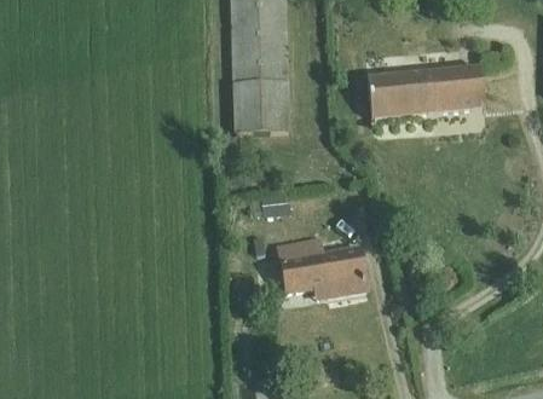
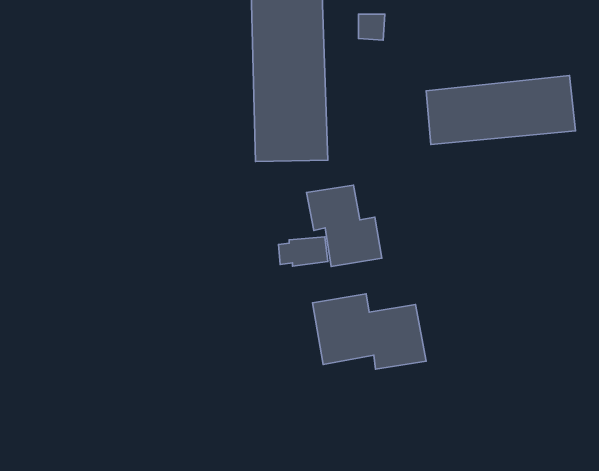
building: none -> [307,185,382,267]

